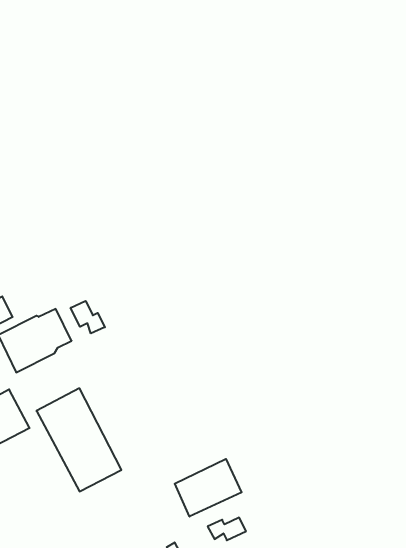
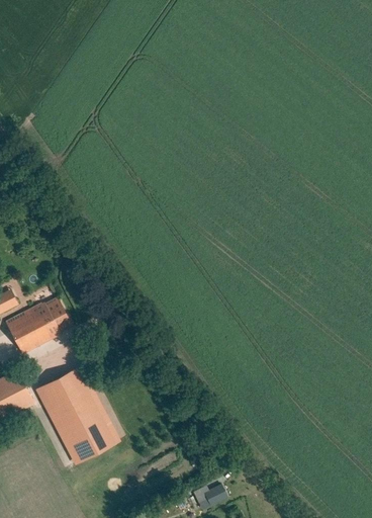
building: [71,301,105,333] -> none
building: [175,459,242,517] -> none

